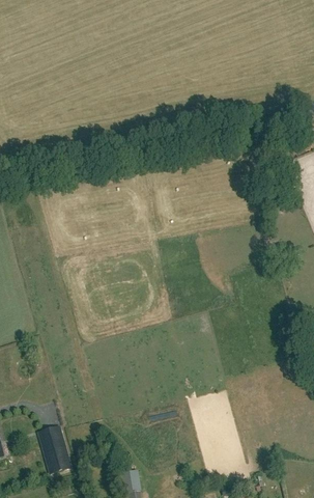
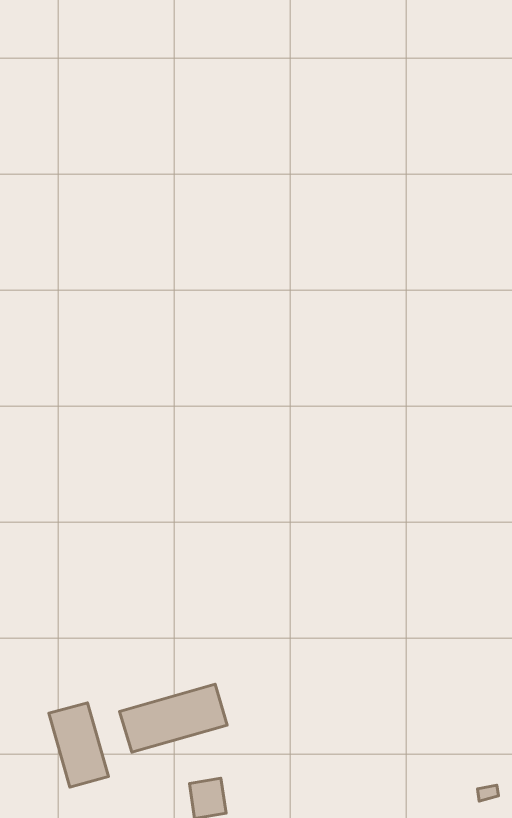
building: none -> [119,684,227,752]

